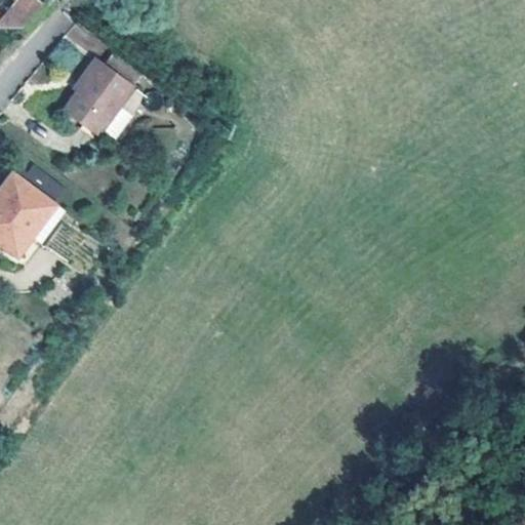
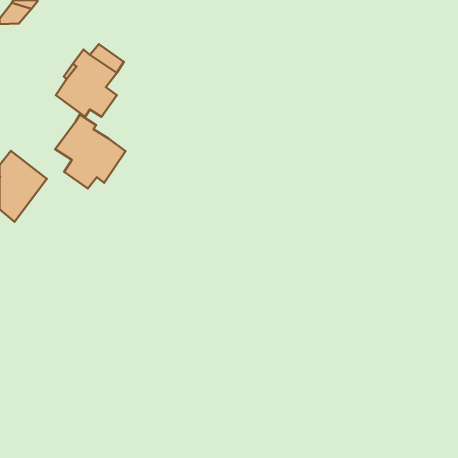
building: none -> [55,114,126,188]

